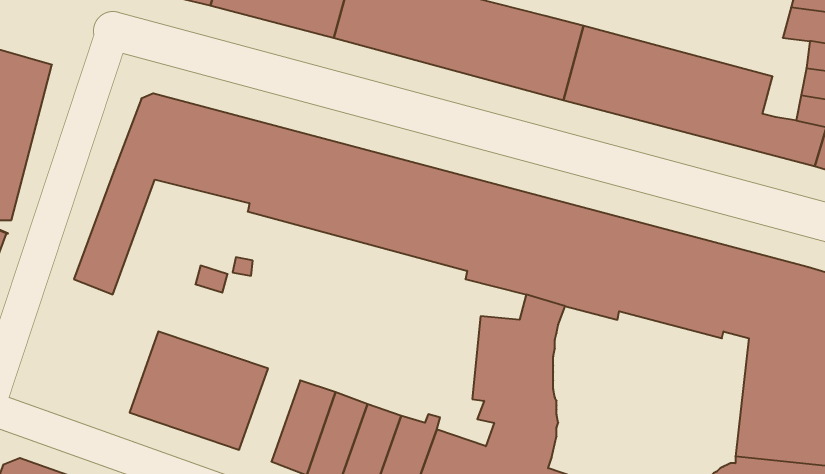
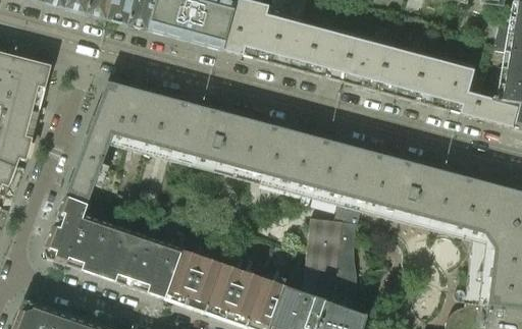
building: none -> [44,195,115,275]
building: none -> [164,249,201,305]

